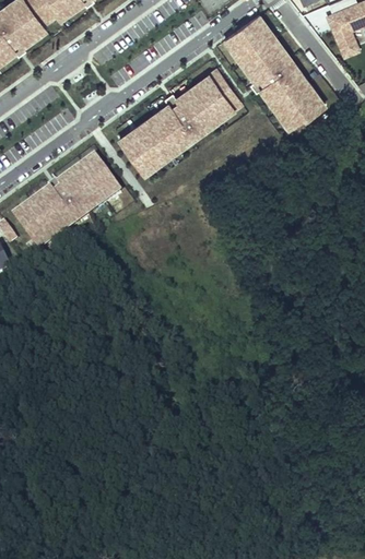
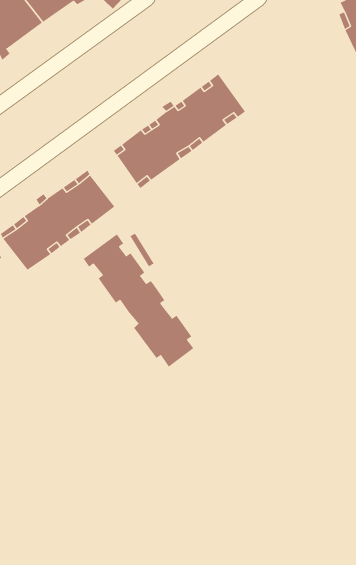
building: [228,19,319,127] -> none
building: none -> [83,234,194,368]

